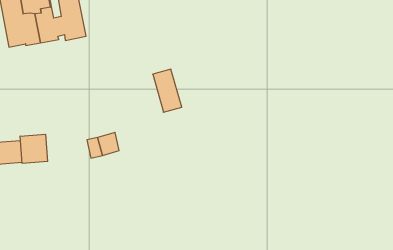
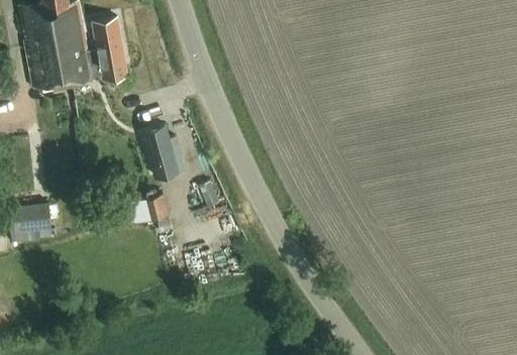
building: [153,69,182,112] -> [145,126,181,179]
building: [20,134,48,163] -> none

